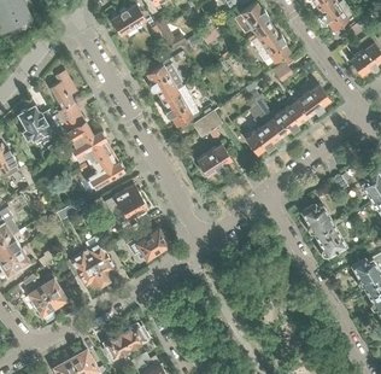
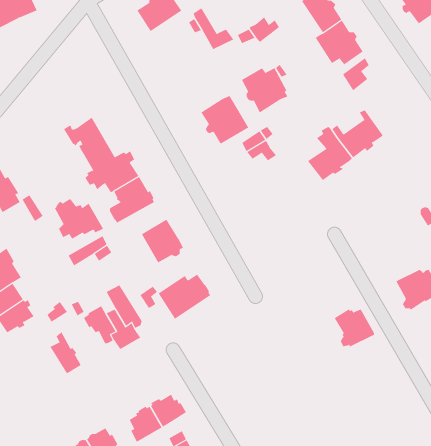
building: [146,64,183,100] -> [241,68,289,113]
building: [51,71,77,112] -> none
building: [291,81,330,118] -> none
building: [19,107,59,140] -> [54,198,104,239]
building: [195,144,231,176] -> none
building: [301,204,334,235] -> [334,309,375,348]
building: [20,274,54,316] -> none

